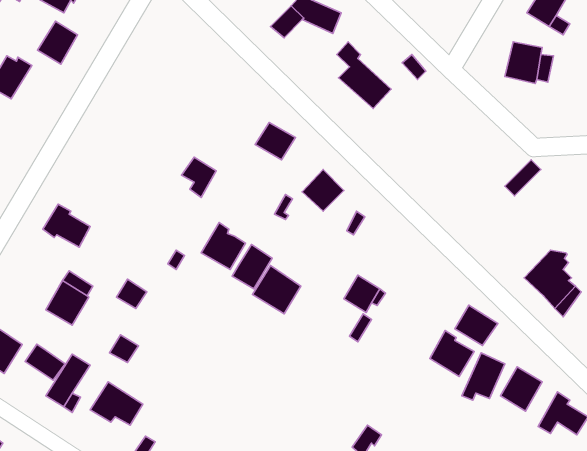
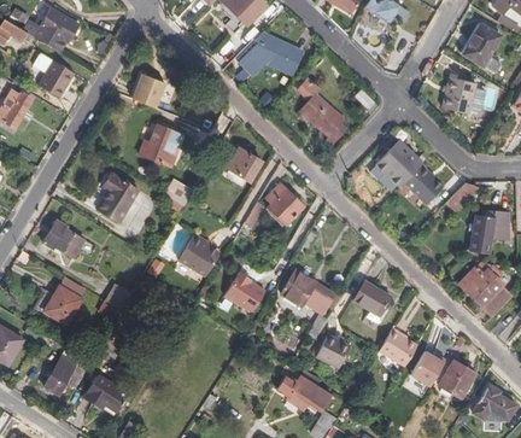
building: none -> [128,72,165,109]
building: none -> [137,123,177,164]
building: none -> [374,140,444,205]
building: none -> [98,171,136,221]
building: none -> [468,206,505,252]
building: [232,245,272,289] -> none
building: none -> [281,268,315,304]
building: [455,305,498,346] -> [353,278,391,313]
building: none -> [315,333,350,367]
building: [25,344,65,380] -> none
building: none -> [276,373,324,409]

